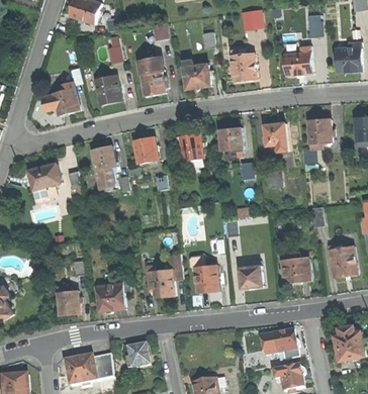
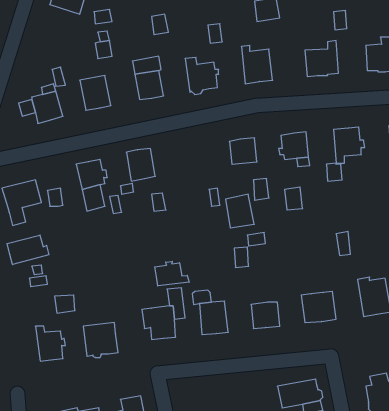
building: [179,131,203,160] -> [226,194,254,228]
building: none -> [7,235,49,265]
building: none -> [155,261,189,286]

